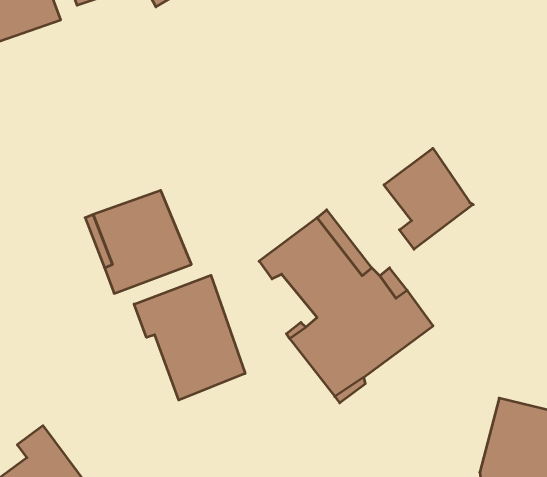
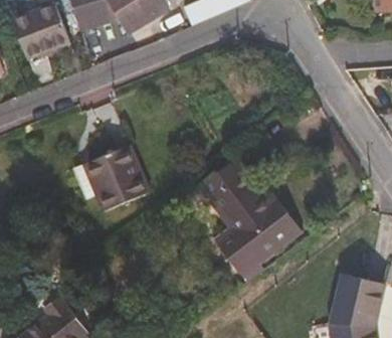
building: [384,148,473,249] -> none
building: [134,275,245,400] -> none

